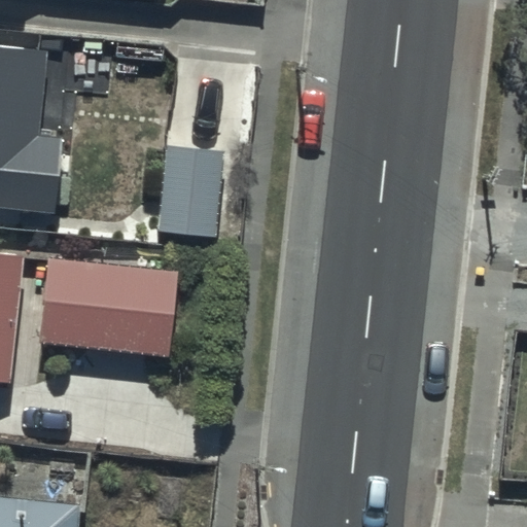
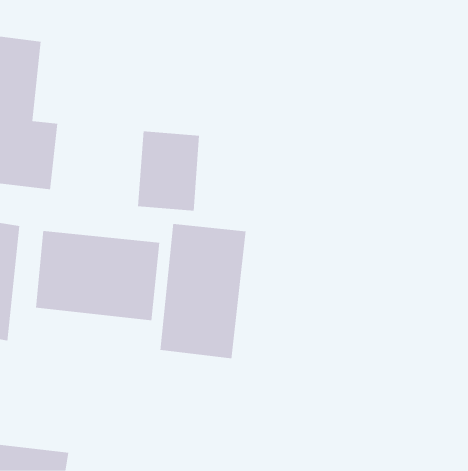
building: none -> [160,223,246,359]

